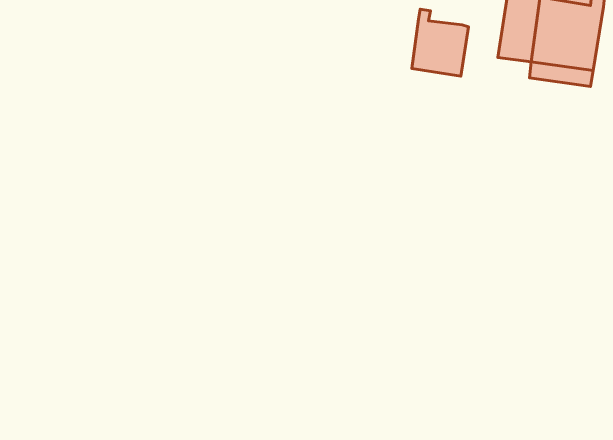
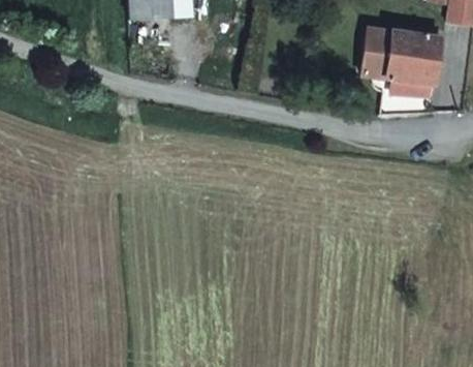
building: [412,9,469,76] -> none

